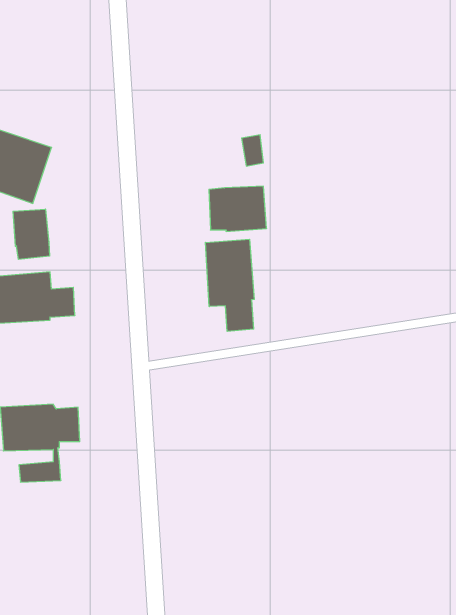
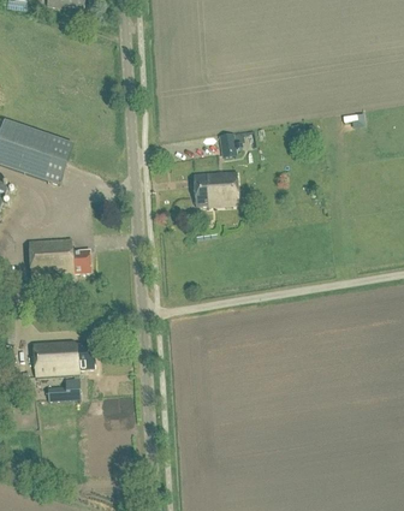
building: [13,209,49,259] -> none
building: [205,239,254,331] -> none

